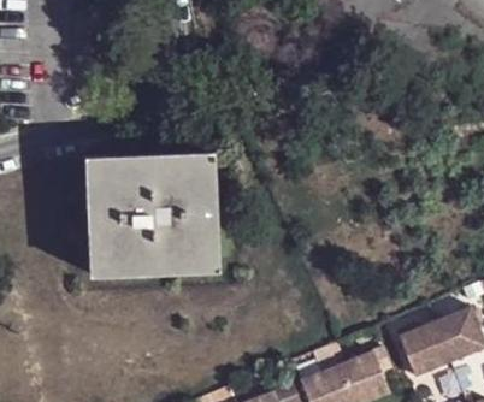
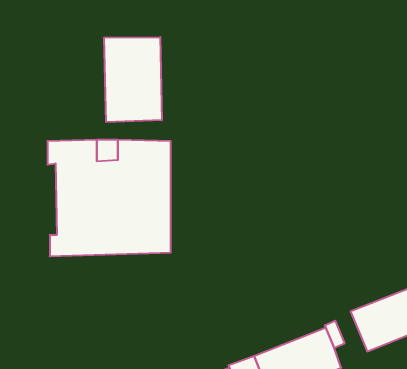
building: none -> [104,37,162,122]

